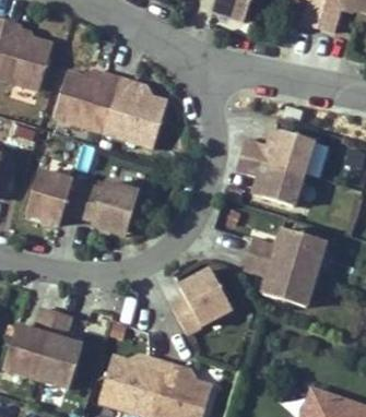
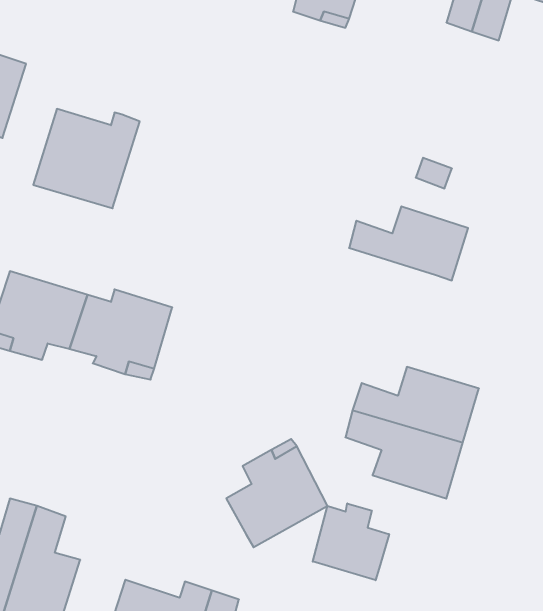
building: [102,78,166,146] -> none
building: [239,154,307,207] -> none
building: none -> [313,503,389,580]

